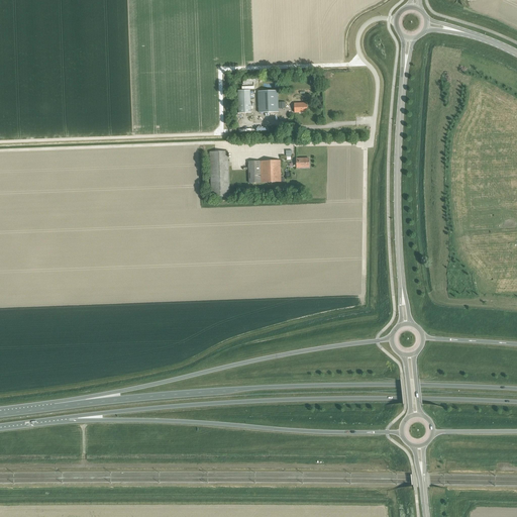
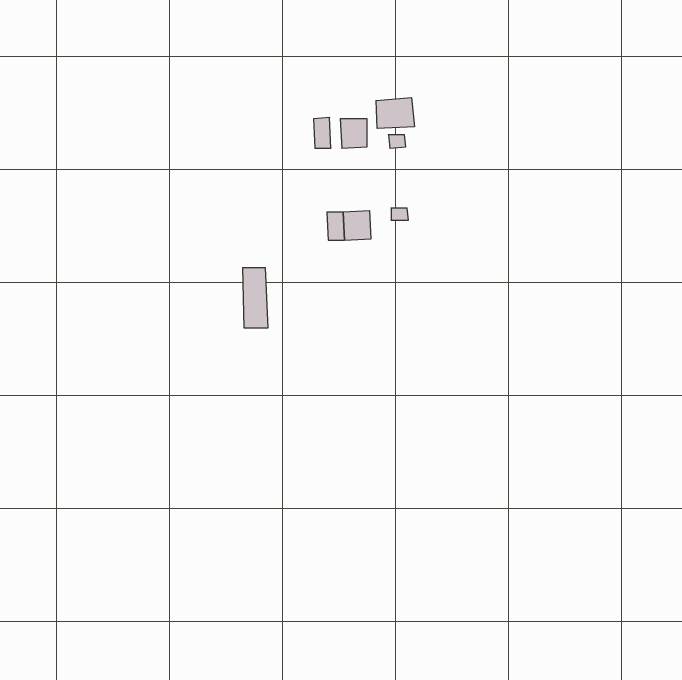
building: none -> [376,98,414,128]
building: [210,150,229,196] -> [243,268,268,328]

